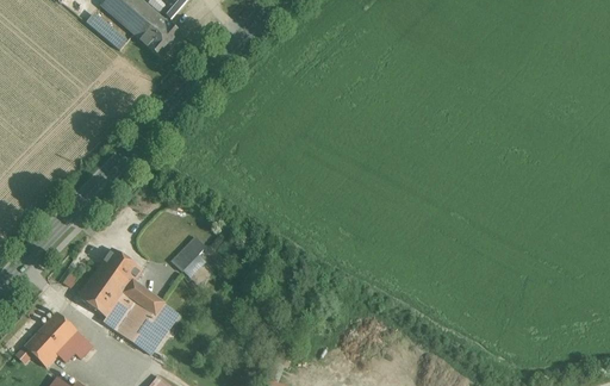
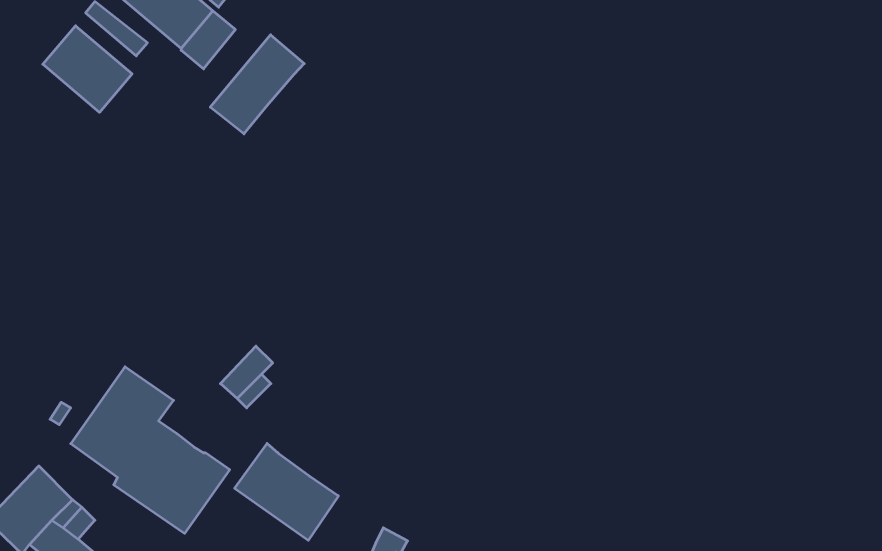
building: none -> [43,26,132,112]
building: none -> [210,35,304,134]
building: none -> [235,443,338,540]

